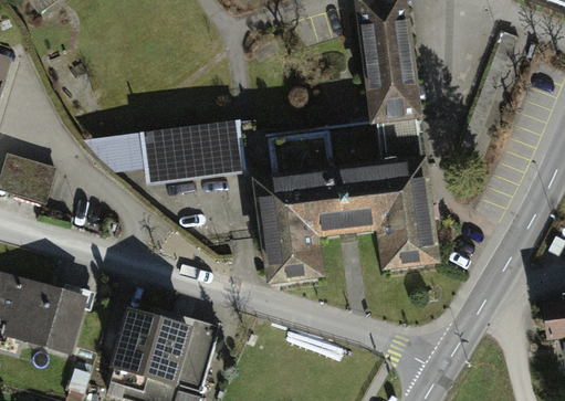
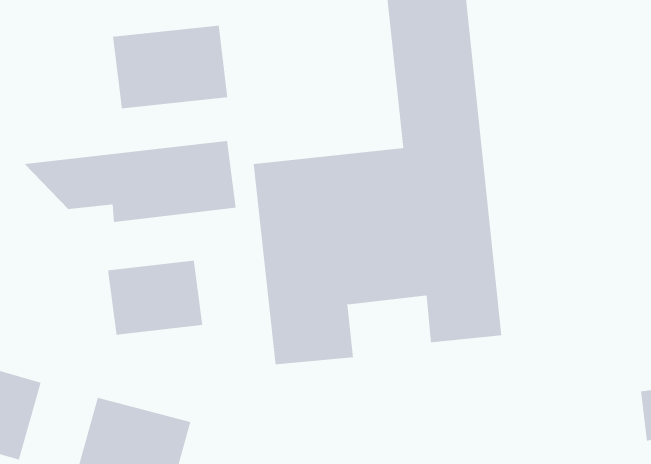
building: none -> [113,25,228,109]
building: none -> [108,260,203,336]

